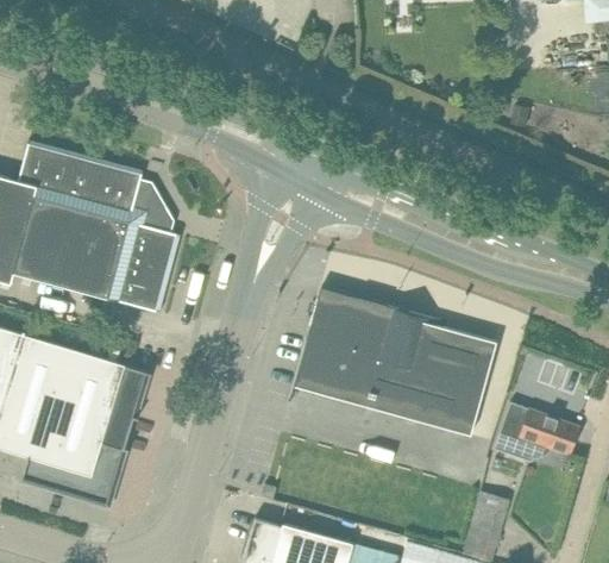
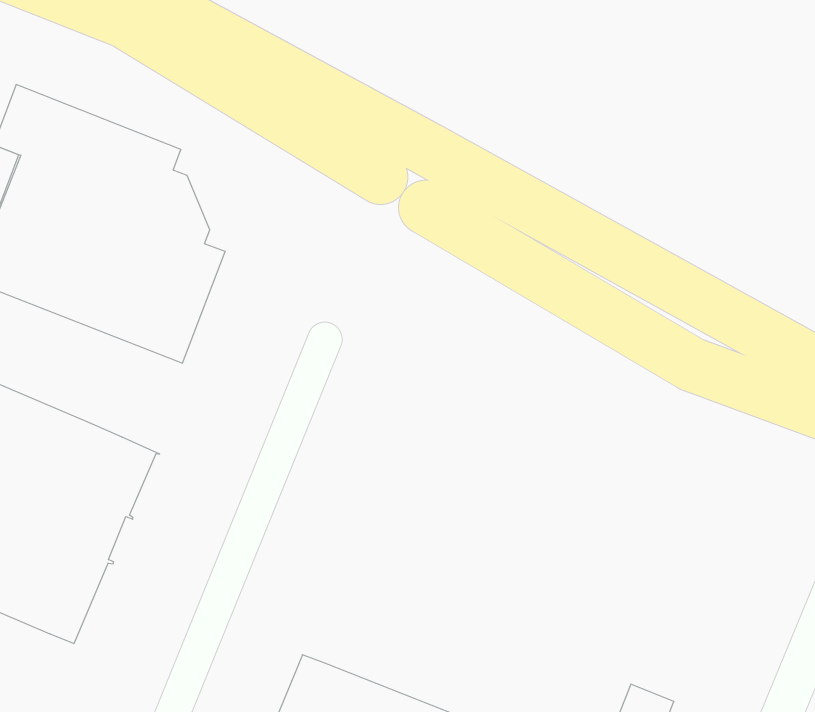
building: [294,287,496,434] -> none
building: [494,402,578,462] -> none

